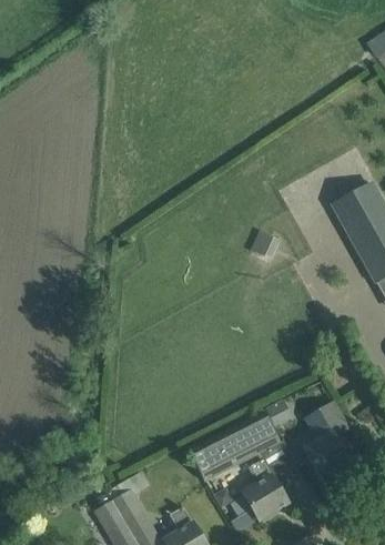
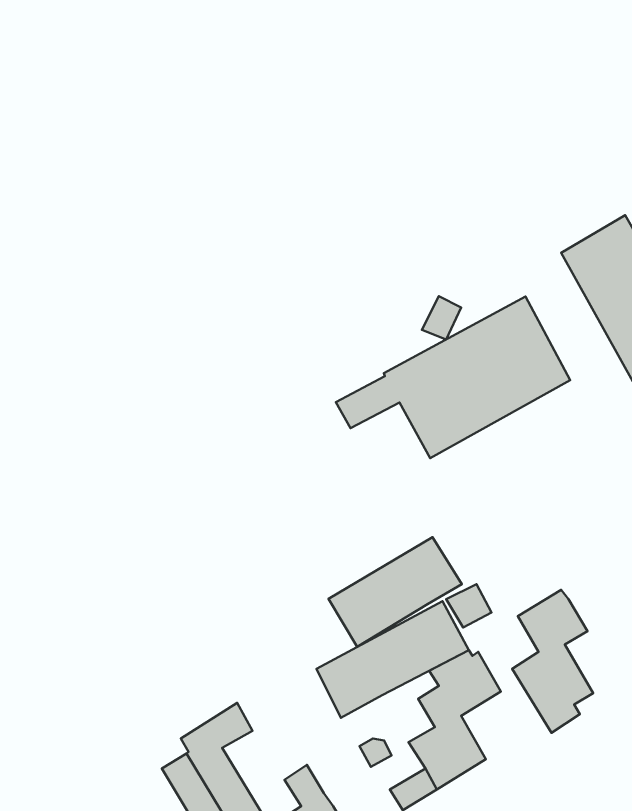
building: none -> [336,296,570,458]
building: none -> [328,537,462,647]

